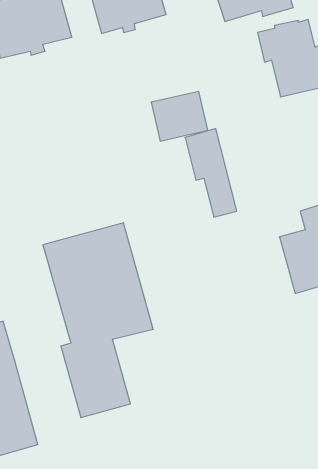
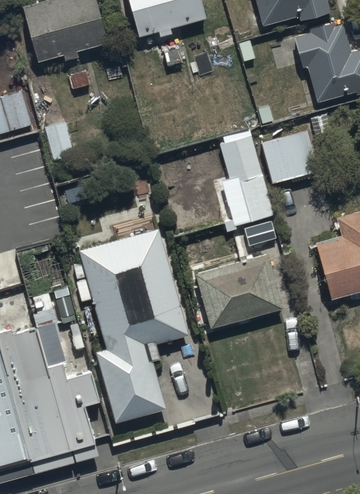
building: [151,91,208,141] -> [263,132,320,182]
building: none -> [198,254,284,330]
building: none -> [50,365,99,452]

